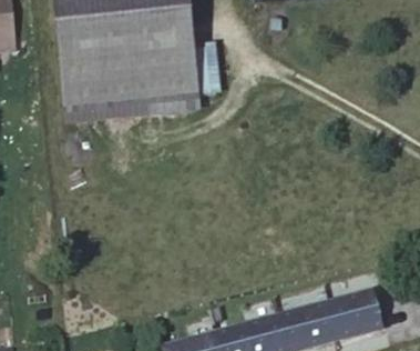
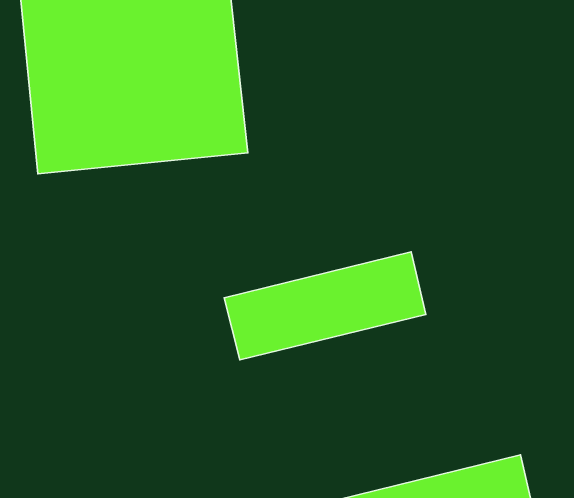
building: none -> [224,252,426,360]

